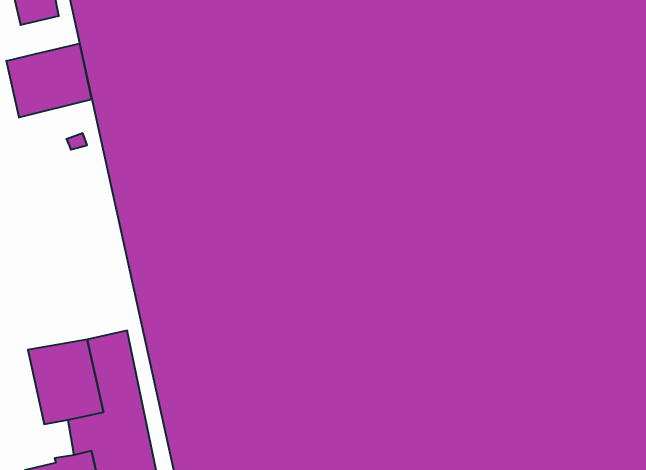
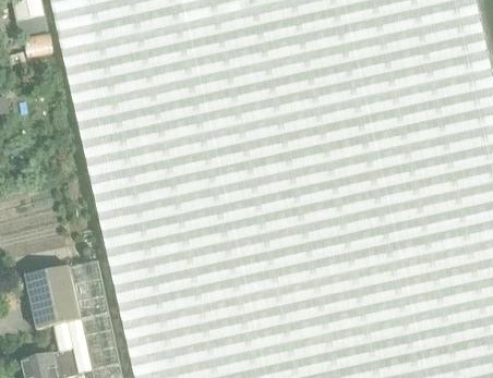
building: [6,44,92,118] -> none

